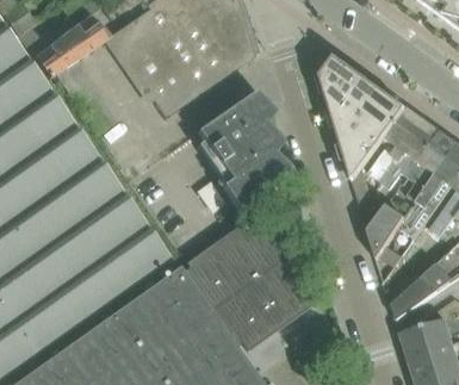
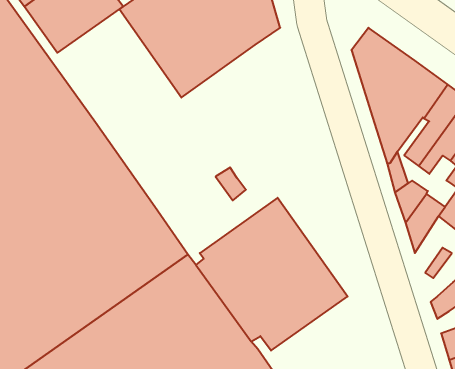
building: [196,91,290,212] -> none

